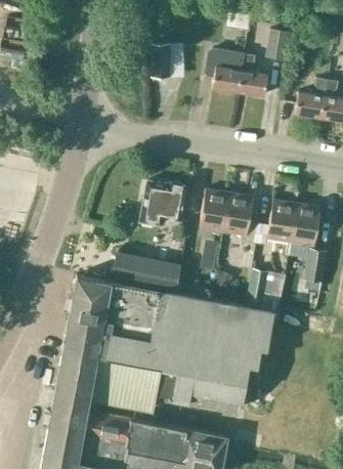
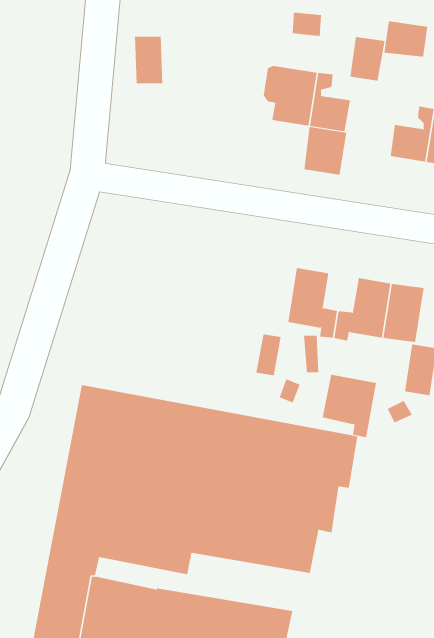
building: none -> [384,20,428,57]
building: [152,42,172,76] -> [134,36,163,84]
building: none -> [304,126,347,176]
building: [138,179,187,227] -> none
building: [200,189,229,231] -> none
building: [112,253,178,290] -> none

